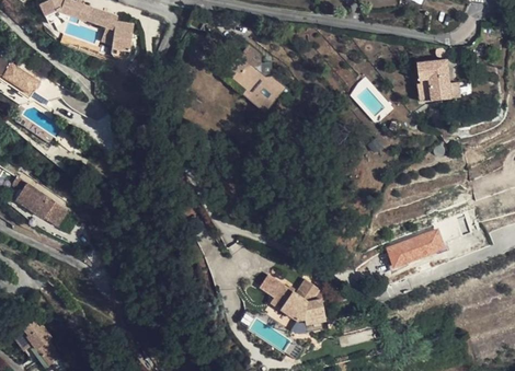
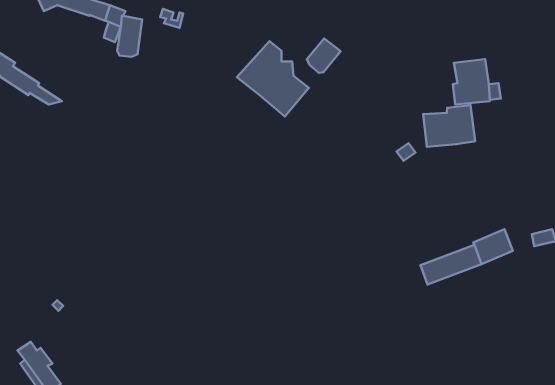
building: none -> [307,38,341,73]
building: none -> [423,105,475,147]
building: [12,176,68,227] -> none
building: [263,279,317,323] -> none

